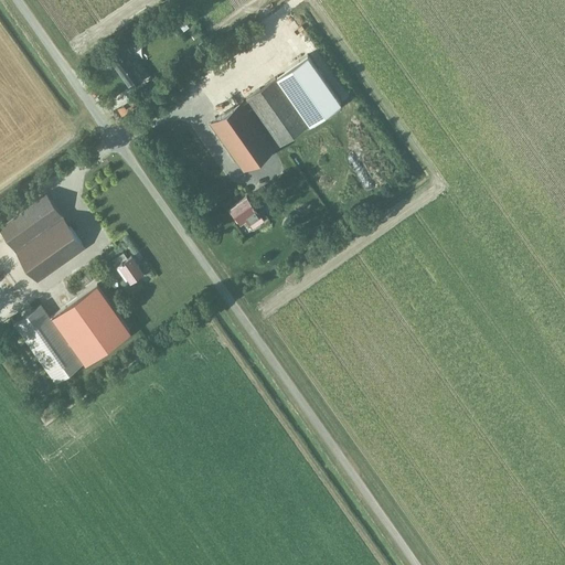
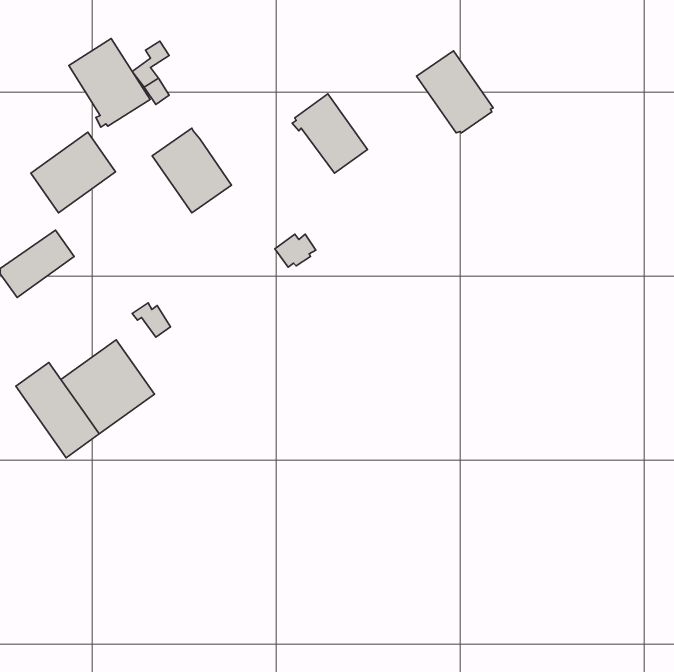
building: none -> [69,39,150,127]
building: [277,58,341,127] -> [416,51,493,133]
building: [211,104,277,174] -> [152,128,232,213]
building: [15,217,86,285] -> [31,132,115,213]

